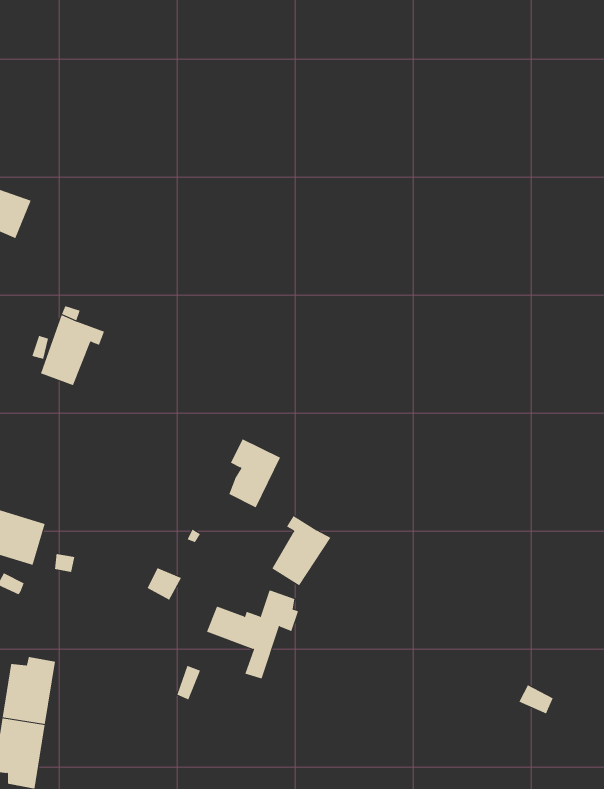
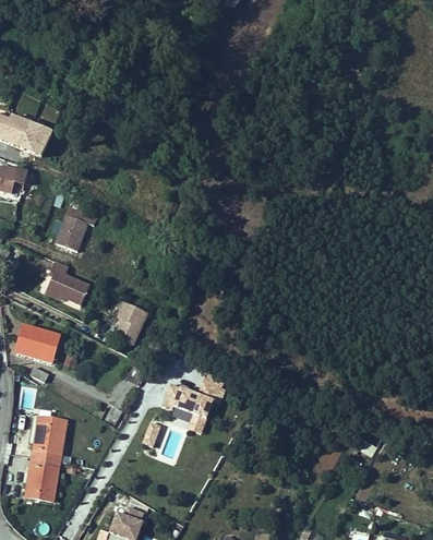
building: none -> [45,260,89,304]
building: [228,438,281,508] -> [115,300,147,344]
building: [271,515,331,586] -> none

